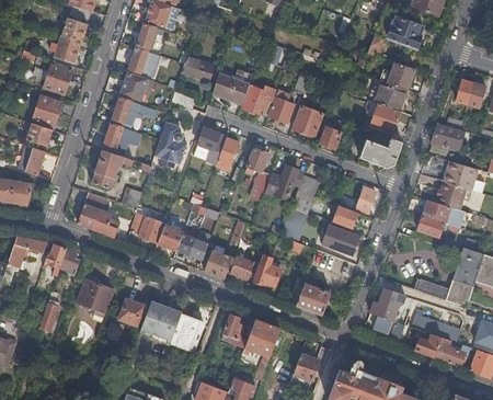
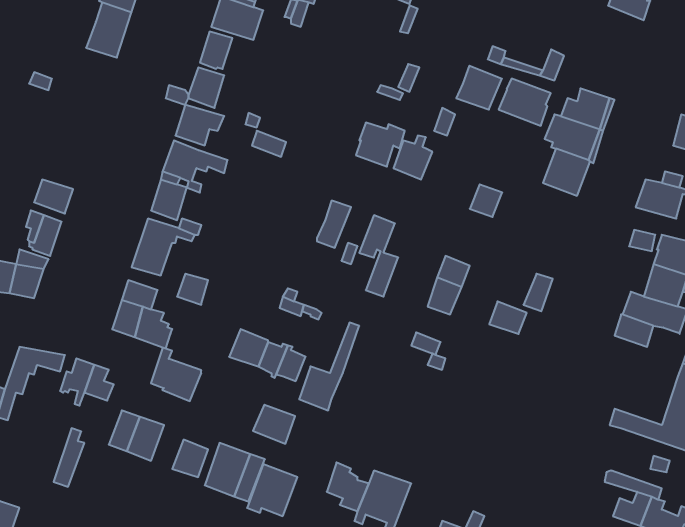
building: [387,18,422,49] -> [499,79,551,126]
building: [48,34,81,64] -> none
building: [181,56,214,80] -> none
building: [43,65,71,94] -> none
building: [213,73,249,104] -> none
building: [33,96,60,125] -> none
building: [291,106,322,136] -> [456,66,502,110]
building: [154,122,186,168] -> none
building: [197,127,221,163] -> none
building: [359,138,401,168] -> none
building: [266,164,298,198] -> none
building: [130,207,164,243] -> [151,347,201,401]
building: [321,224,359,255] -> none
building: [226,254,254,281] -> [253,405,295,444]
building: [254,255,280,286] -> none
building: [369,279,421,328] -> none
building: [296,283,330,316] -> none

